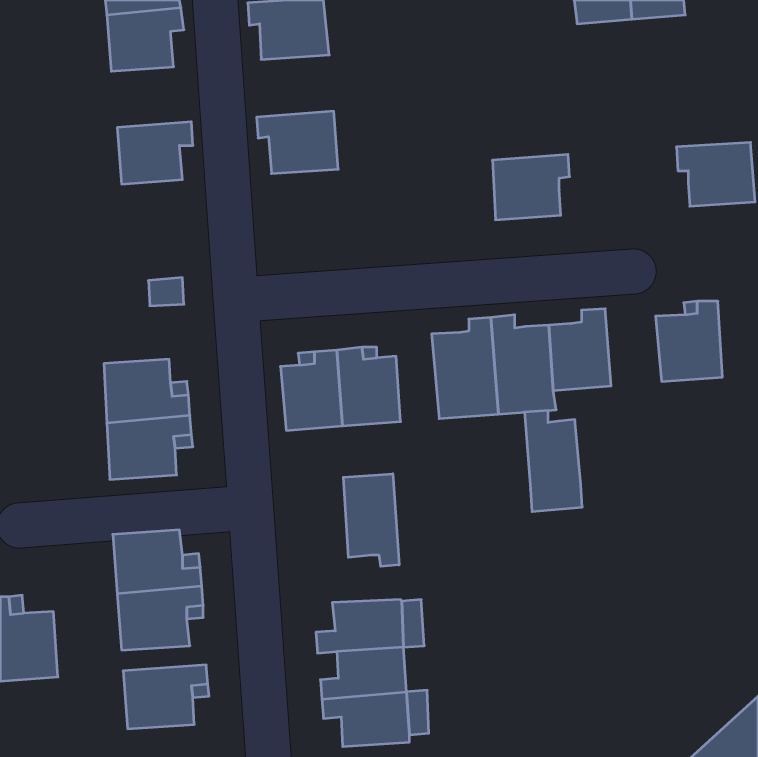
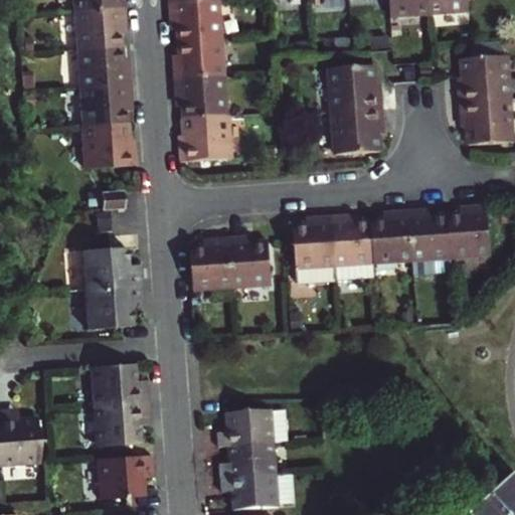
building: none -> [173,38,226,80]
building: none -> [75,46,130,88]
building: none -> [458,59,509,101]
building: none -> [332,67,385,110]
building: none -> [180,116,233,163]
building: none -> [82,123,137,169]
building: [524,411,582,512] -> [410,209,450,278]
building: [343,474,399,566] -> none

